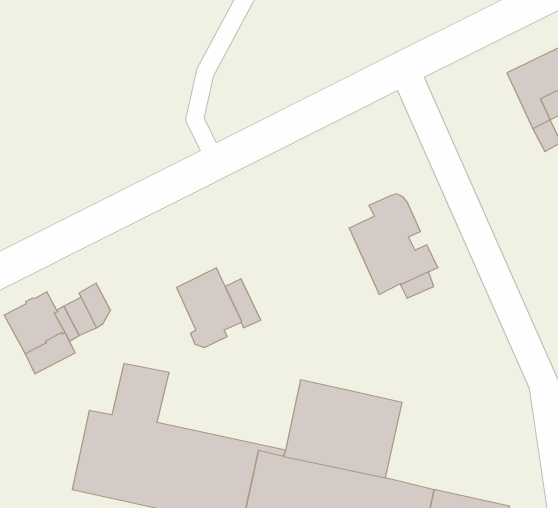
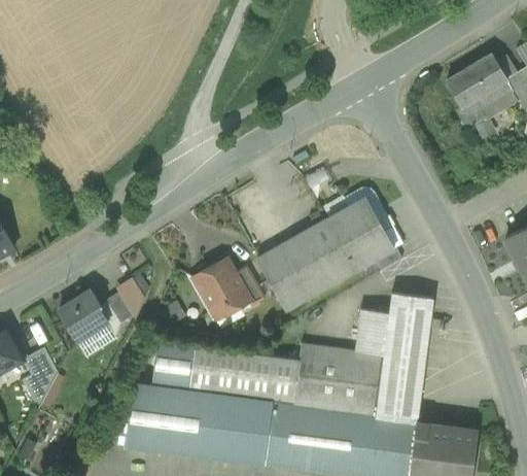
building: none -> [256,217,358,310]
building: none -> [355,293,433,422]
building: none -> [188,346,298,401]

